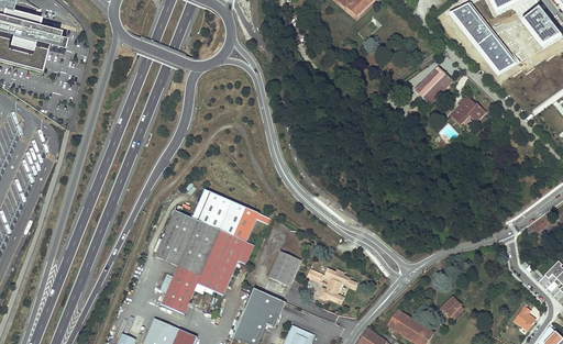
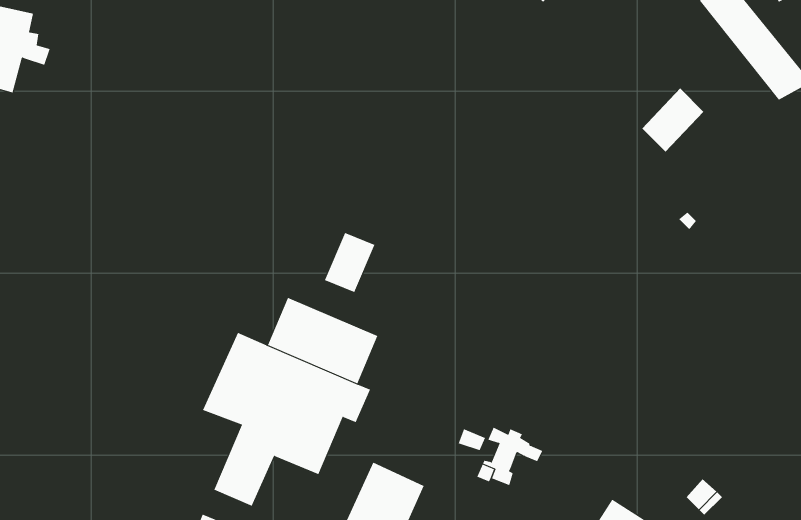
building: [451,95,485,124] -> none
building: none -> [324,232,375,293]
building: [268,251,300,286] -> none

